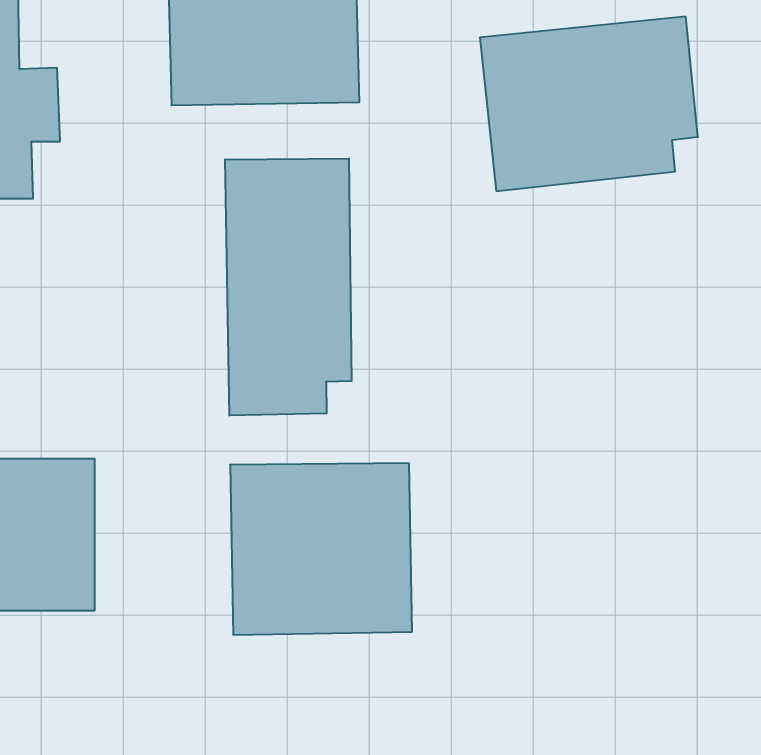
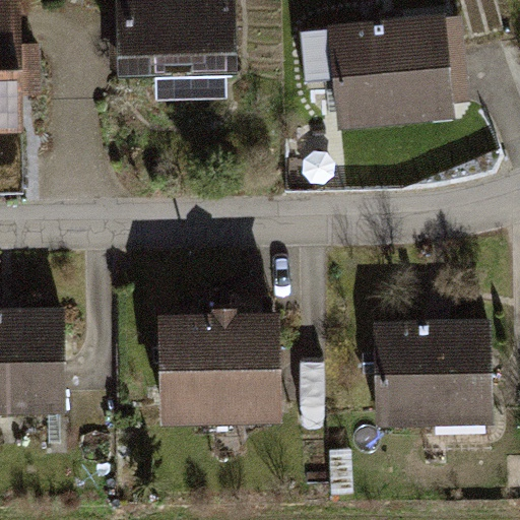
building: [225,158,352,416] -> none
building: none -> [375,323,490,422]

